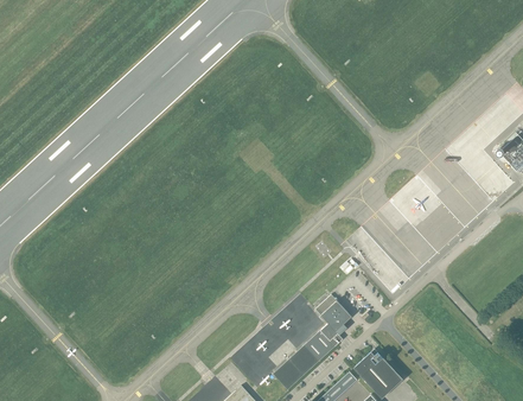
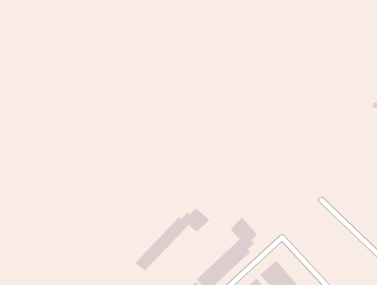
building: none -> [134,207,210,272]

